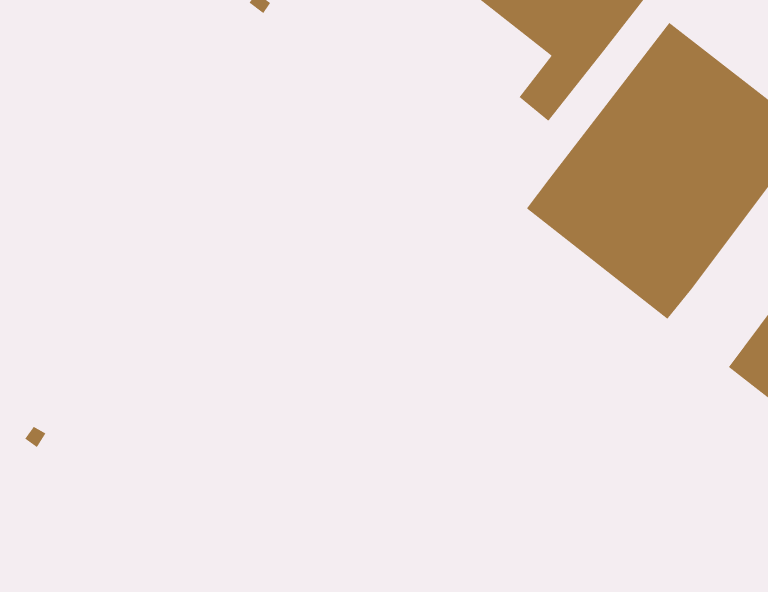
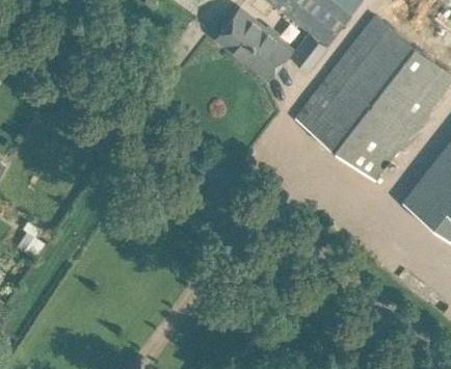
building: none -> [215,9,291,80]

